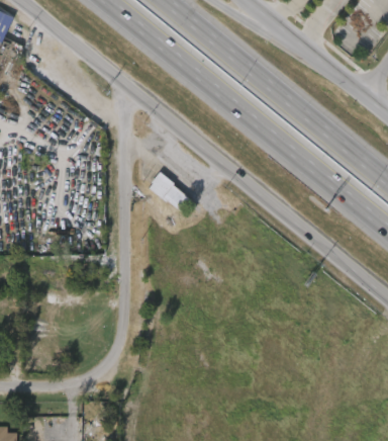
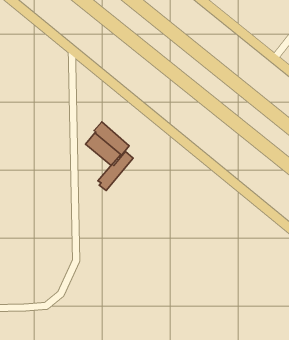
building: none -> [98,151,133,190]

